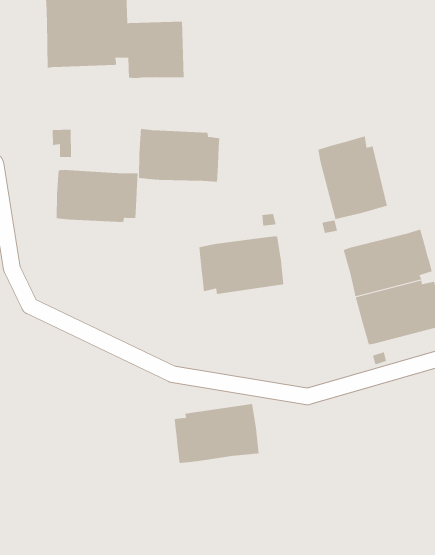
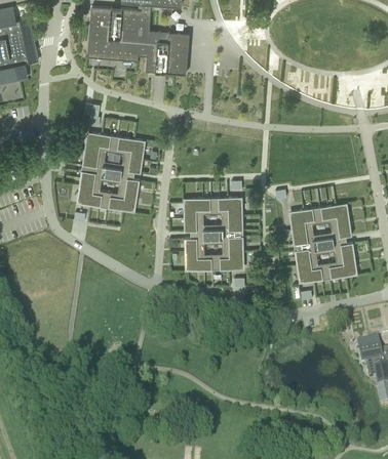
building: [138,128,220,182] -> [77,167,140,212]
building: [318,136,387,220] -> none
building: [174,403,259,464] -> [185,233,244,270]

